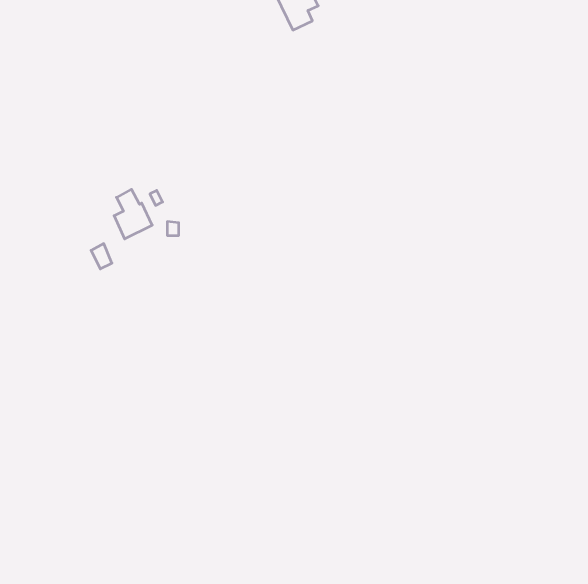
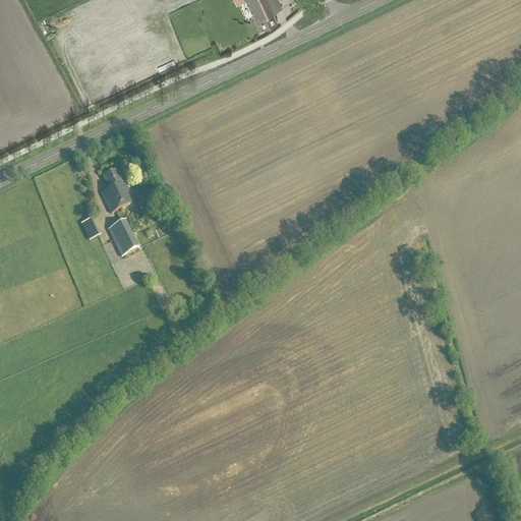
building: none -> [107,218,137,253]

